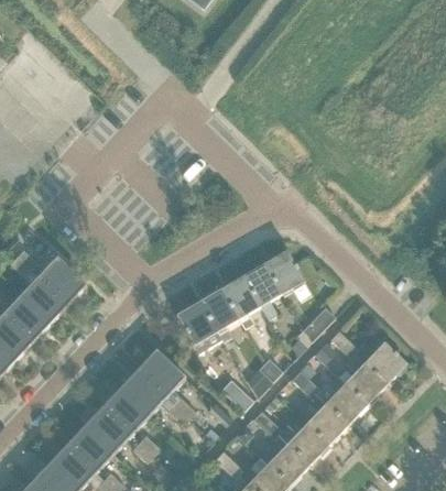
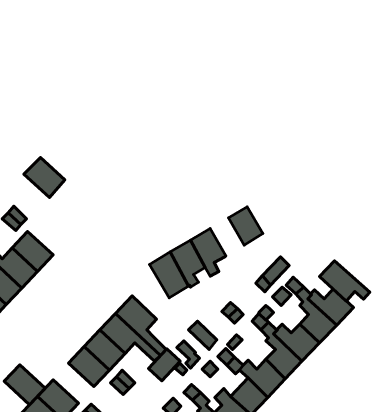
building: [39,258,85,303] -> [24,157,65,197]
building: [244,261,283,317] -> none
building: none -> [319,261,370,301]
building: none -> [148,349,180,381]
building: [67,425,113,470] -> [4,365,45,405]

